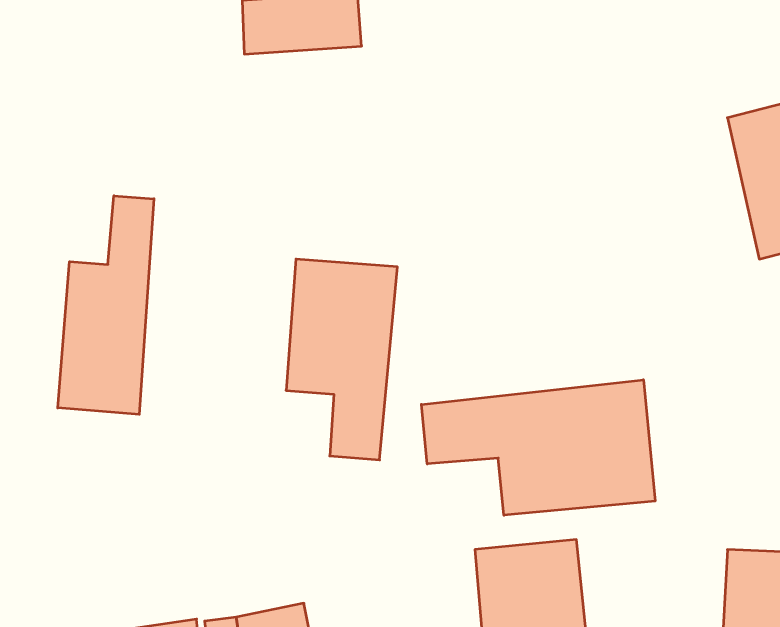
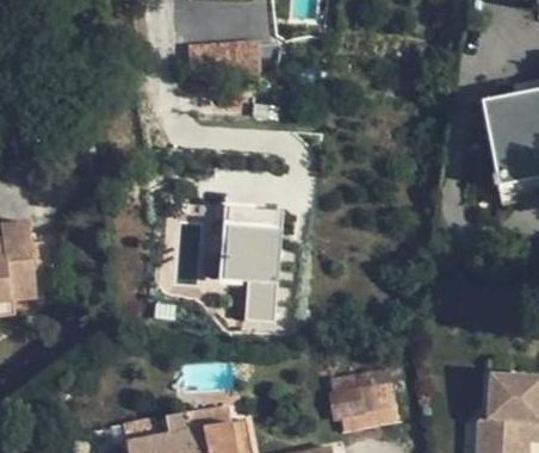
building: [58,196,154,414] -> none
building: [421,380,655,515] -> none

